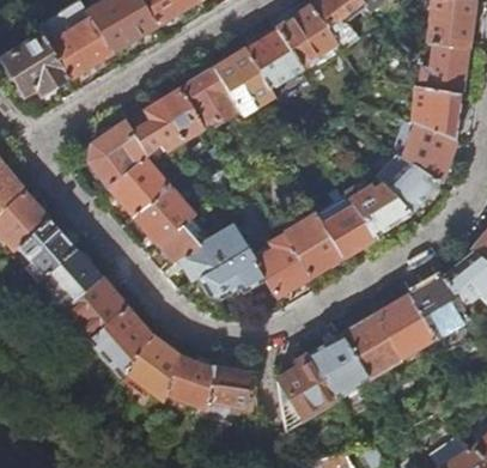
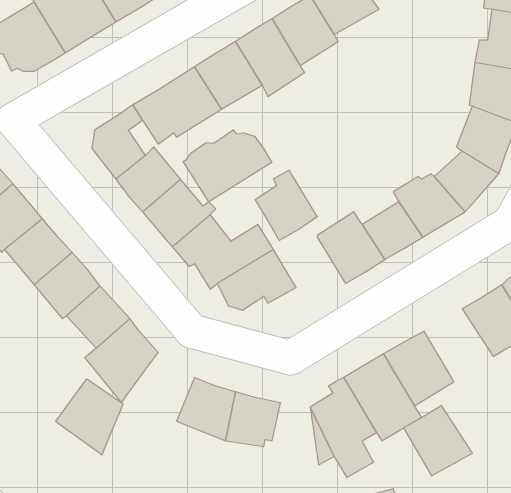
building: none -> [183,130,272,202]
building: [256,236,309,296] -> [255,170,317,241]
building: [376,297,434,357] -> [403,405,472,476]
building: [123,334,181,399] -> [56,379,123,455]

